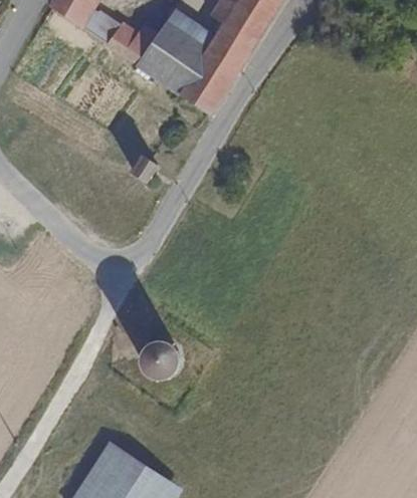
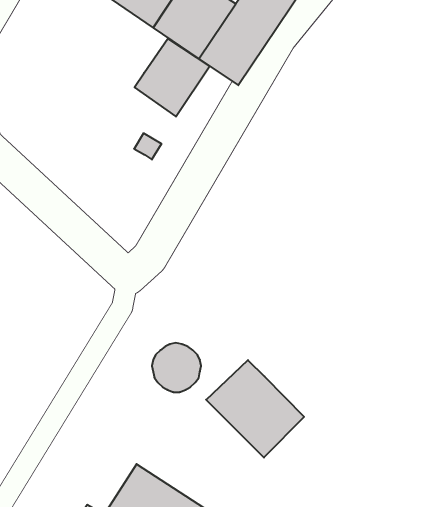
building: none -> [135,38,210,117]
building: none -> [206,360,304,458]

